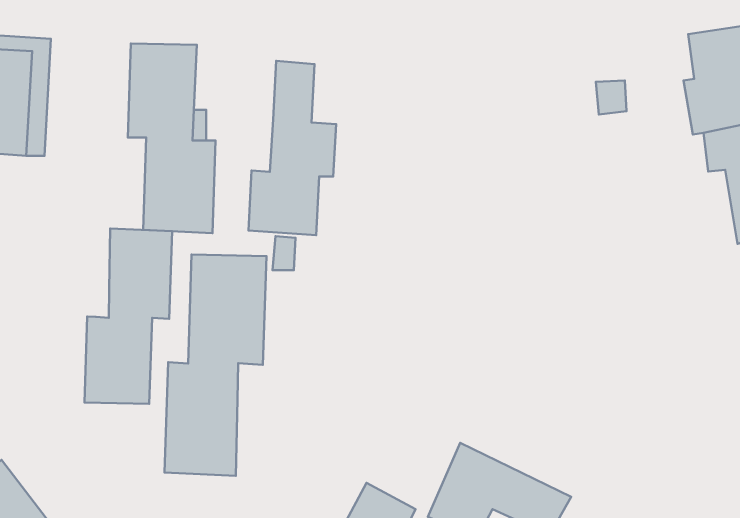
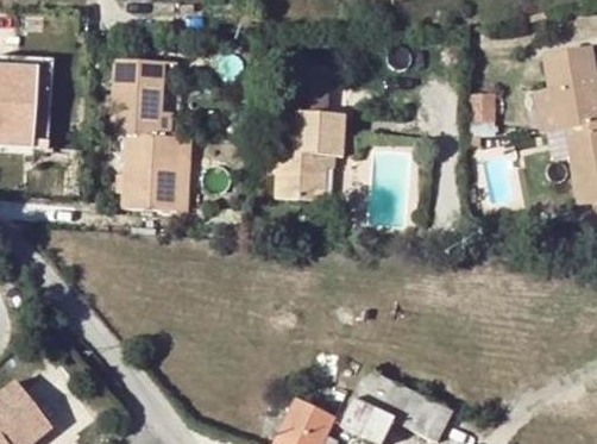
building: [248,61,336,235] -> [278,67,346,201]
building: [84,229,172,404] -> none
building: [165,255,266,476] -> none

